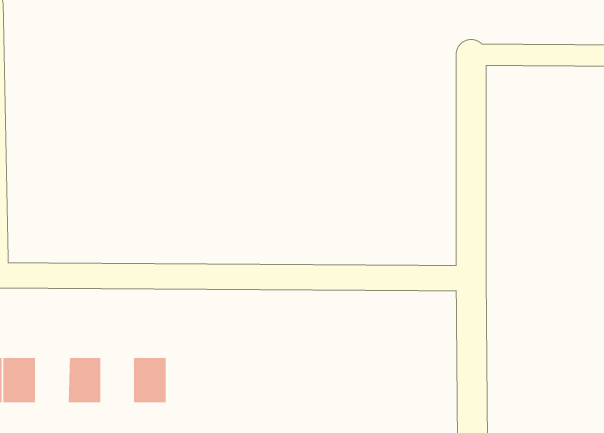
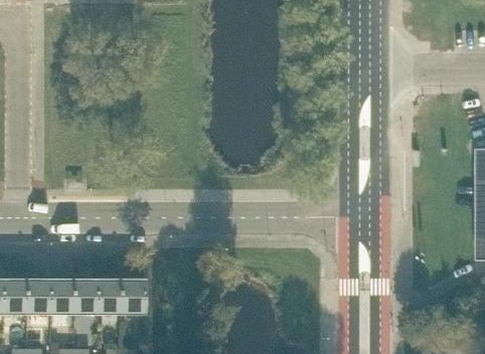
building: none -> [48,279,72,312]
building: none -> [96,279,119,312]

